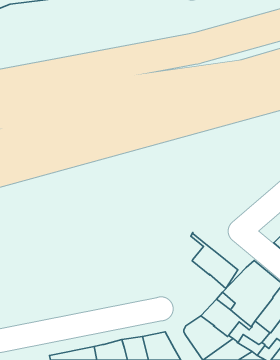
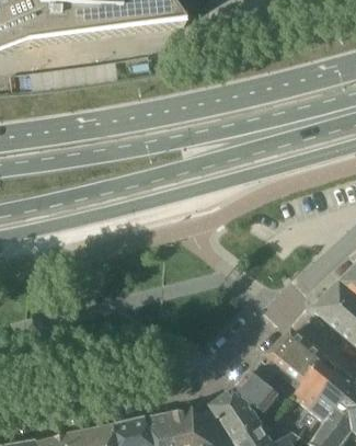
building: [191,233,238,289] -> none

